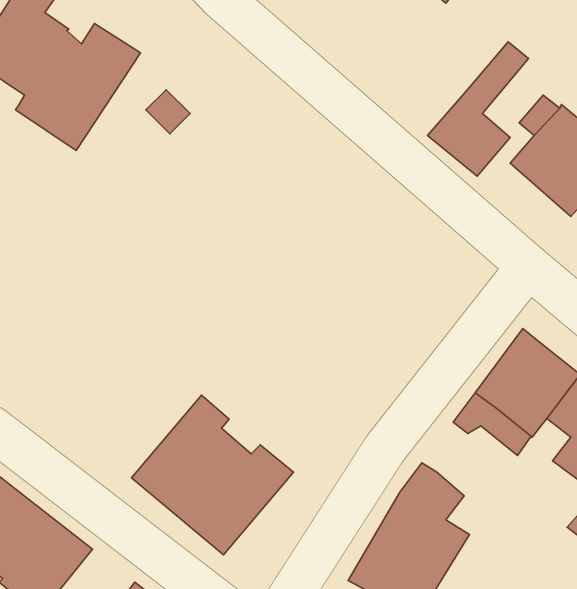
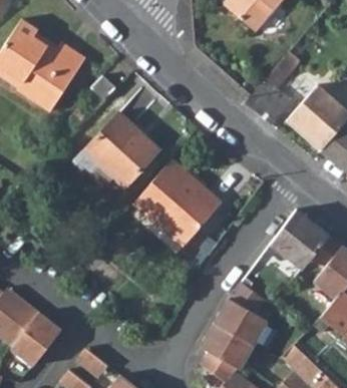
building: none -> [82,112,157,188]
building: [132,395,293,555] -> [134,160,223,248]

